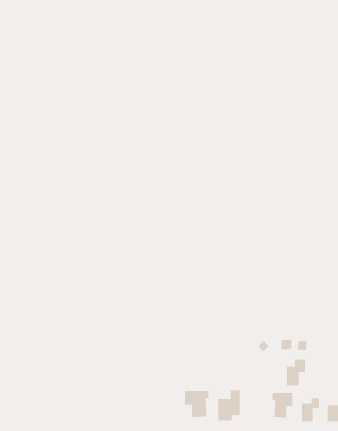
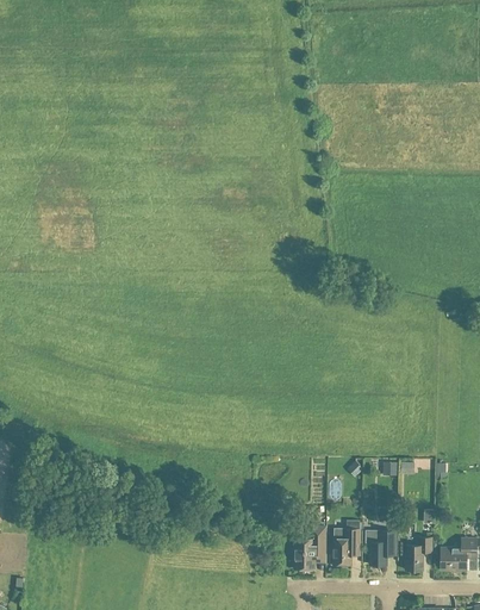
building: [286,359,306,386] -> [333,528,360,564]
building: [184,390,209,418] -> none

